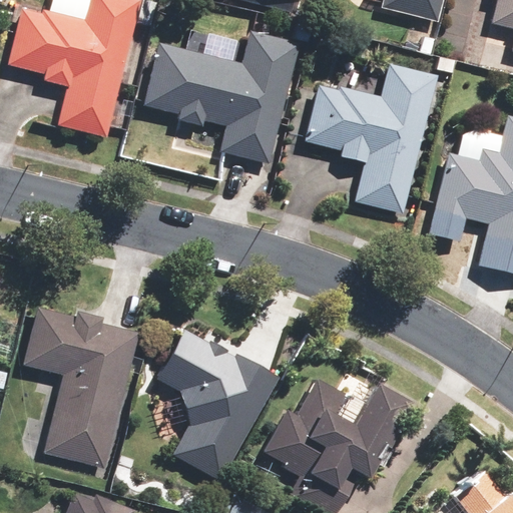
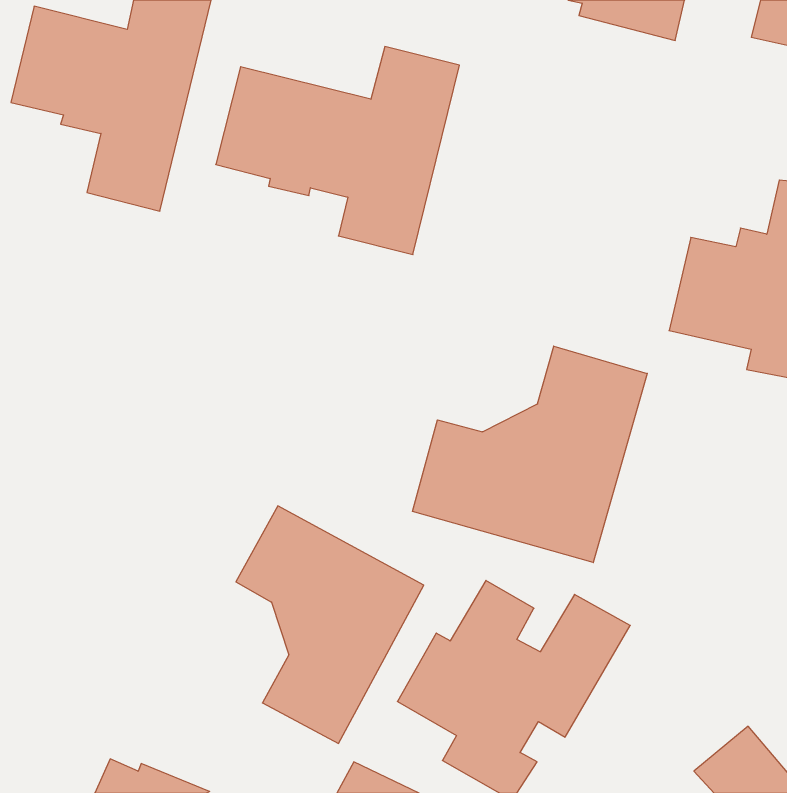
building: [305,65,437,210] -> none
building: none -> [412,346,647,563]
building: [24,305,138,466] -> none

